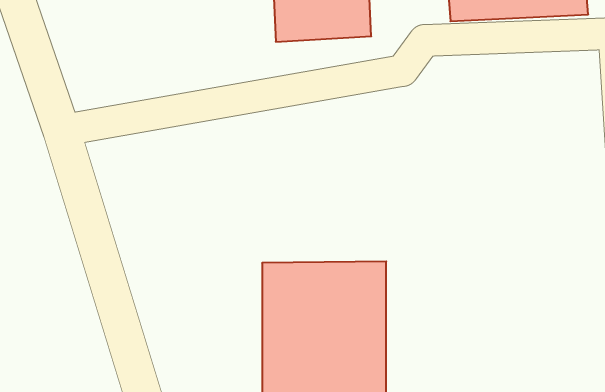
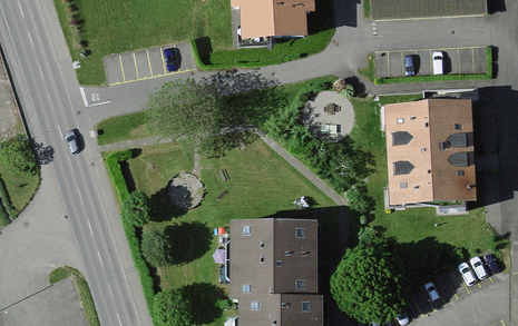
building: none -> [394,106,470,209]

